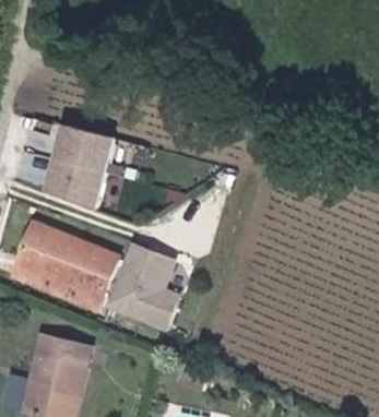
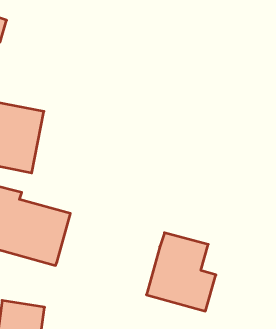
building: [107,239,187,331] -> [146,233,216,311]

